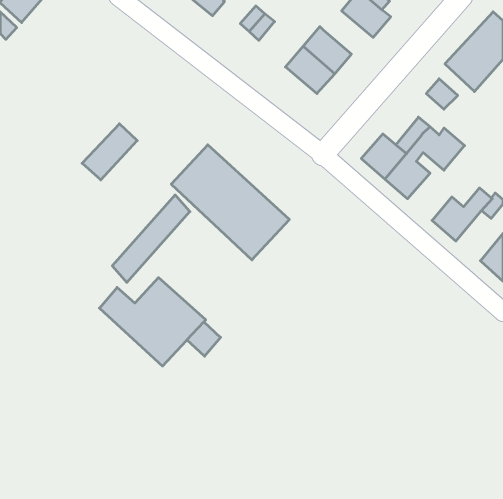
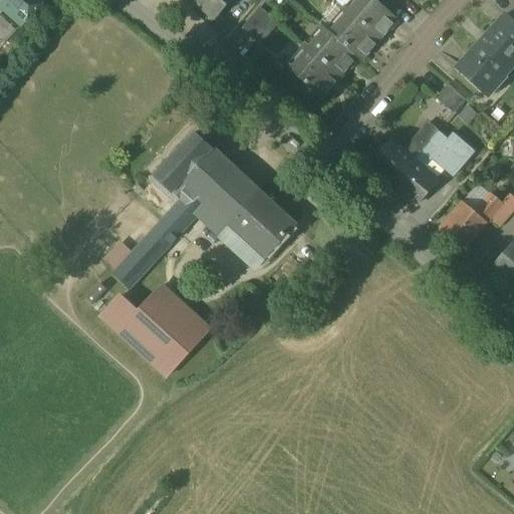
building: none -> [330,11,380,59]
building: [82,124,137,180] -> [156,131,212,188]
building: [187,322,221,356] -> none

